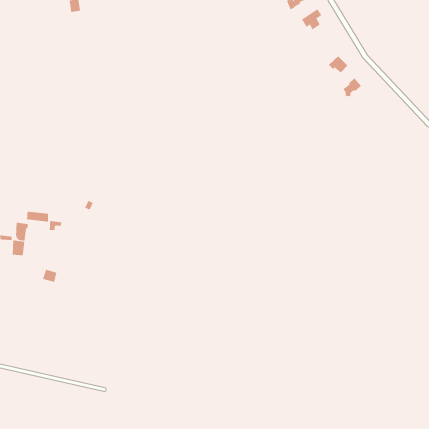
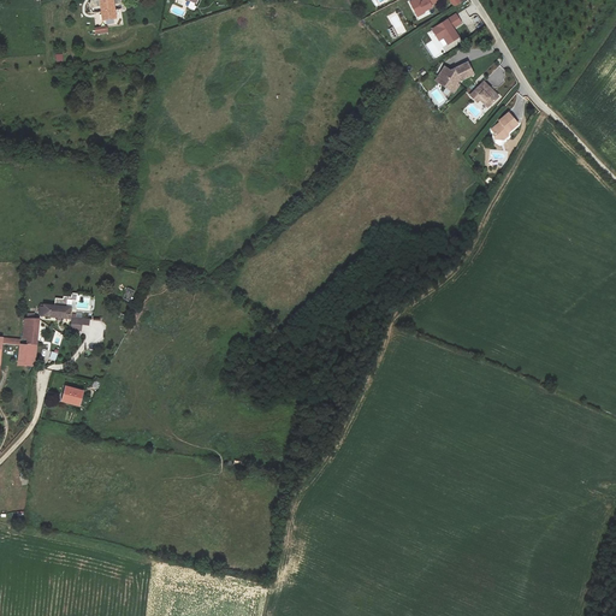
building: none -> [434,60,473,91]

